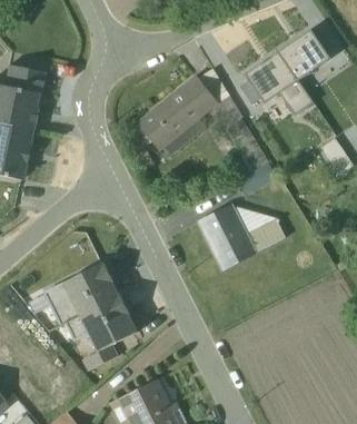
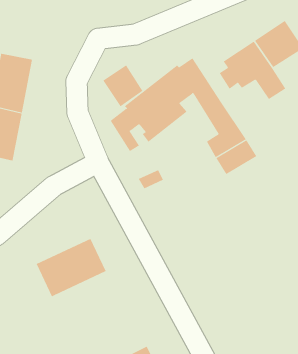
building: none -> [103,65,143,107]
building: [198,206,286,269] -> none
building: [65,298,136,369] -> none

